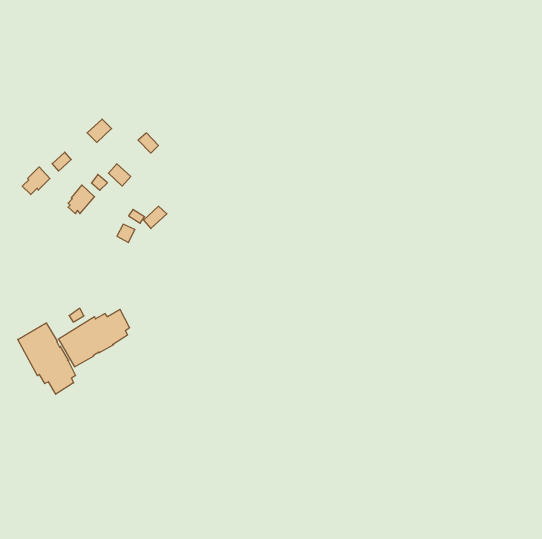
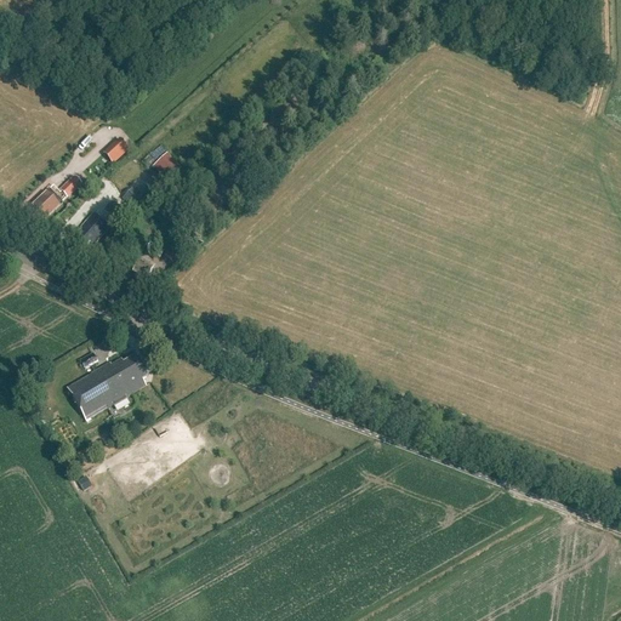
building: [18,323,76,394] -> none

